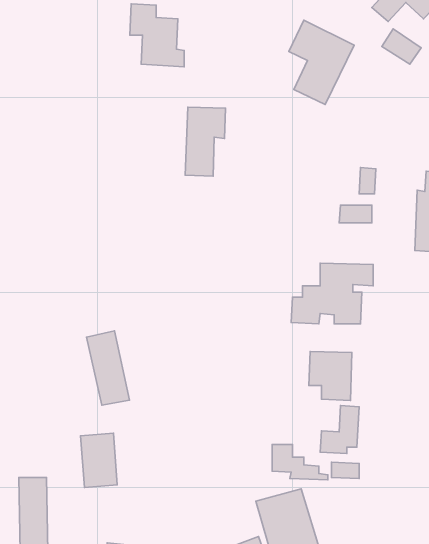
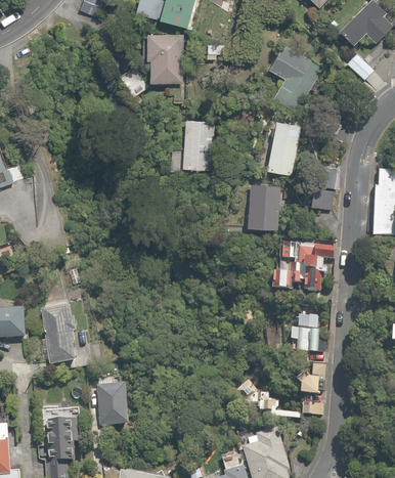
building: none -> [262,121,299,174]
building: none -> [246,181,279,229]
building: [87,331,130,405] -> [42,304,77,364]

